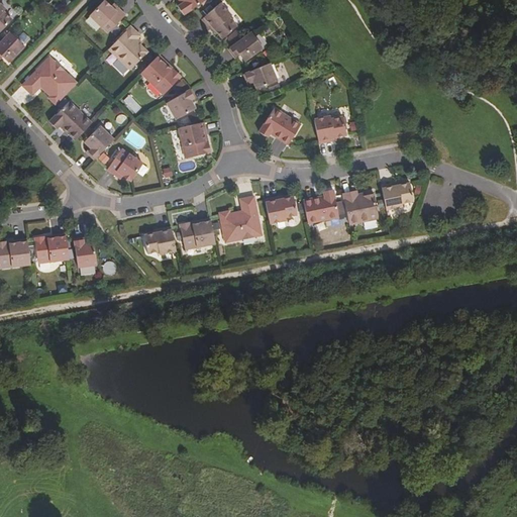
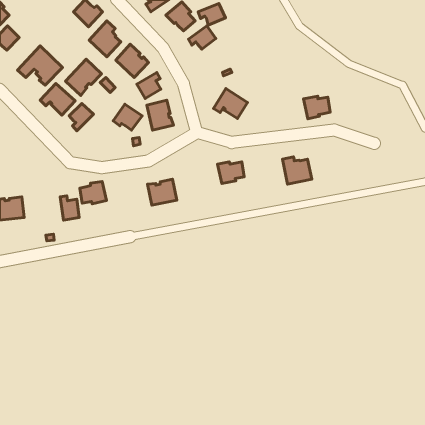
building: [243,63,277,89] -> [198,4,226,25]
building: none -> [65,59,101,96]
building: [313,115,345,142] -> [304,96,330,119]
building: [107,148,142,180] -> [113,104,142,130]
building: [381,182,413,209] -> none
building: [303,189,338,222] -> none
building: [219,196,261,241] -> none
building: [143,226,176,253] -> [80,181,106,204]
building: [34,233,69,263] -> none

